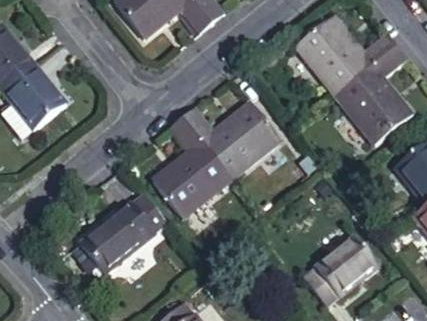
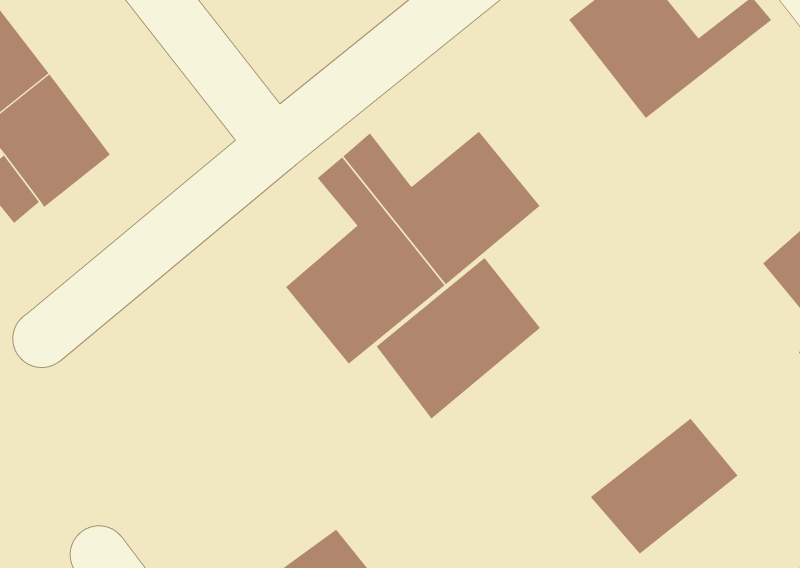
building: [336,43,410,141] -> none
building: none -> [376,257,541,419]
building: [83,202,157,270] -> none

